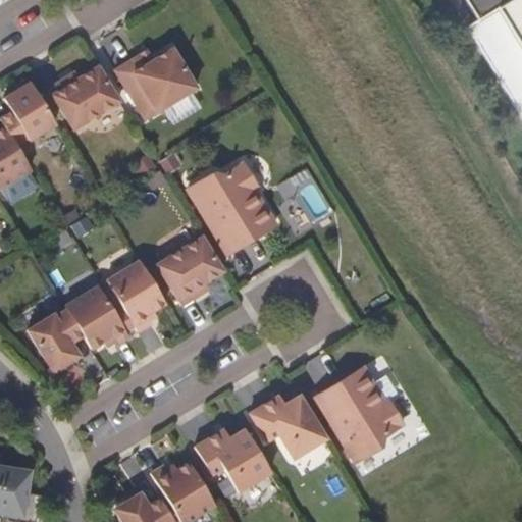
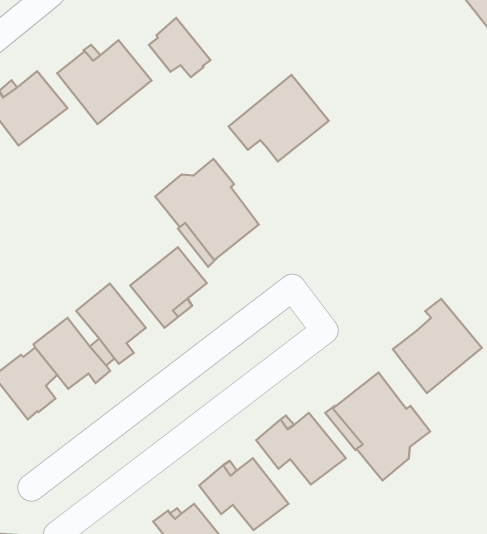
building: none -> [149,18,210,77]
building: none -> [229,75,329,162]
building: none -> [393,299,482,393]

